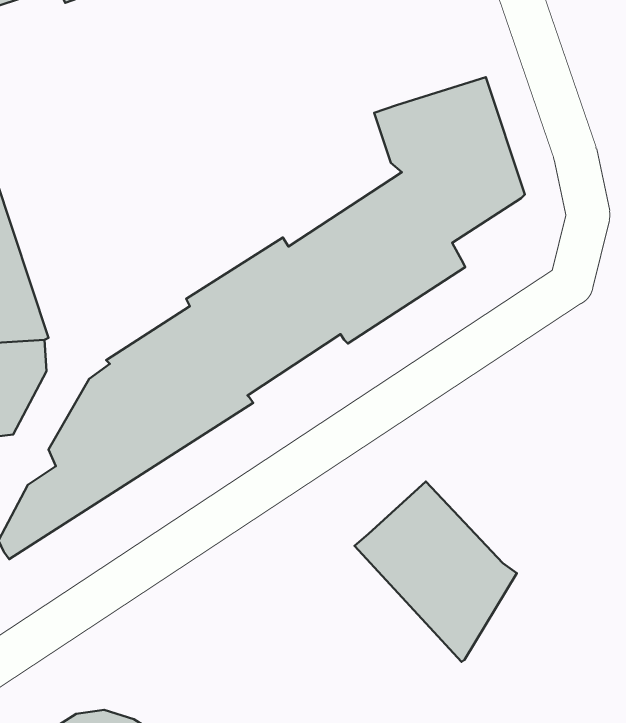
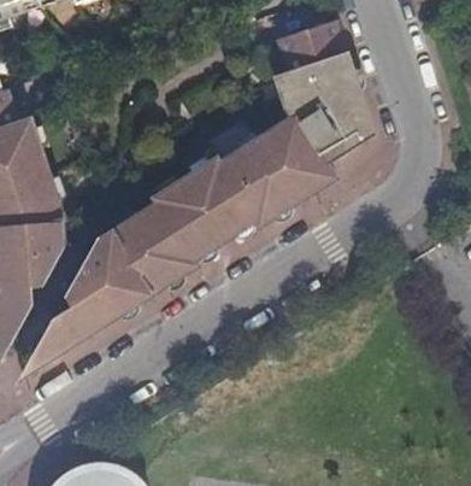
building: none -> [278,18,348,72]
building: [355,481,517,662] -> none

